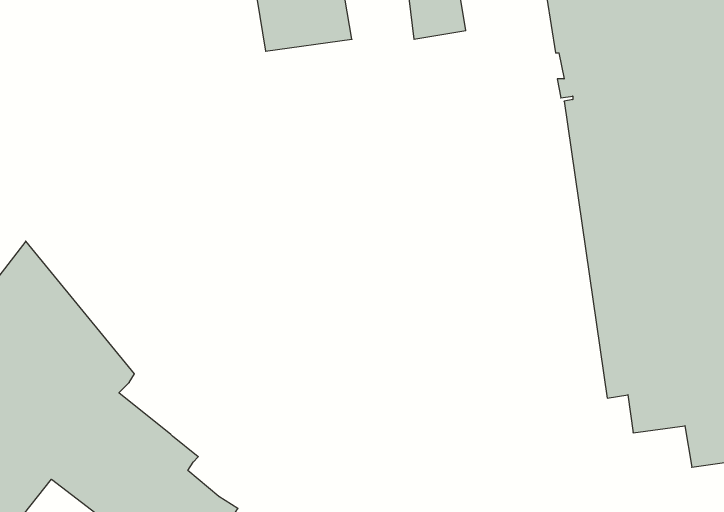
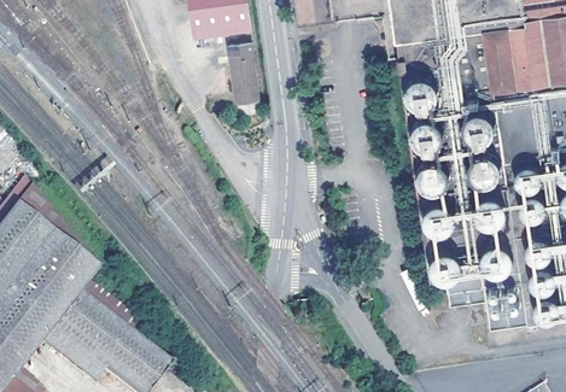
building: none -> [229,41,259,99]

